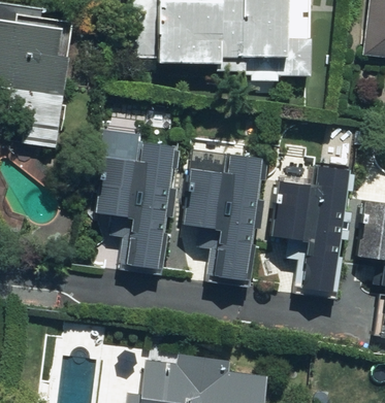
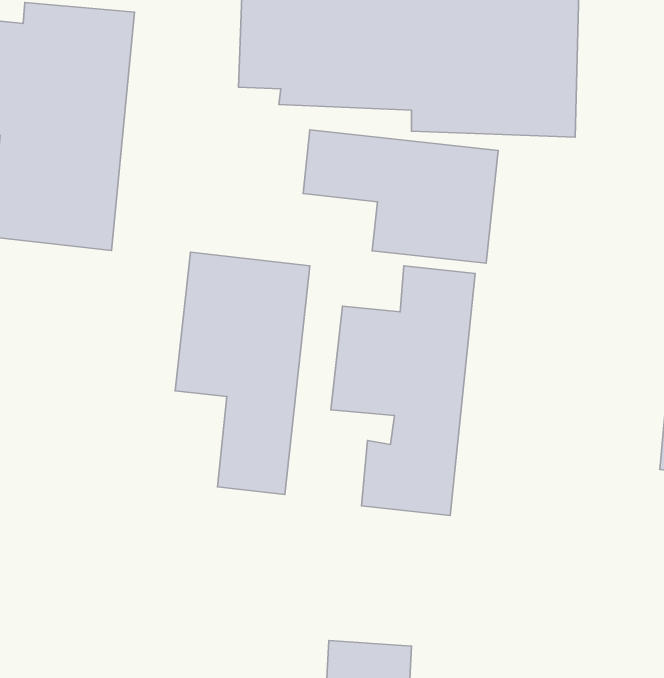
building: none -> [303,130,498,263]
building: [271,159,346,301] -> none

